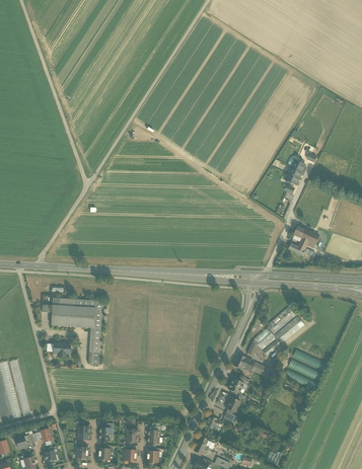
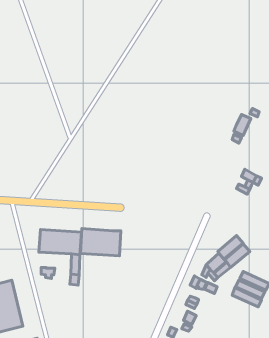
building: none -> [81,229,121,256]

